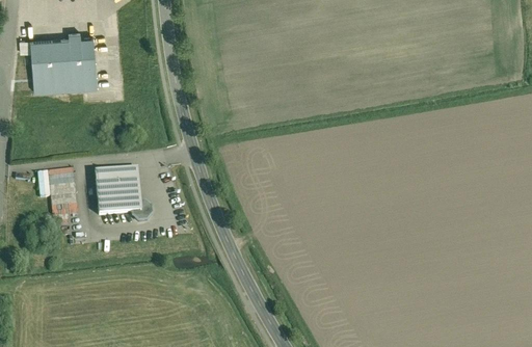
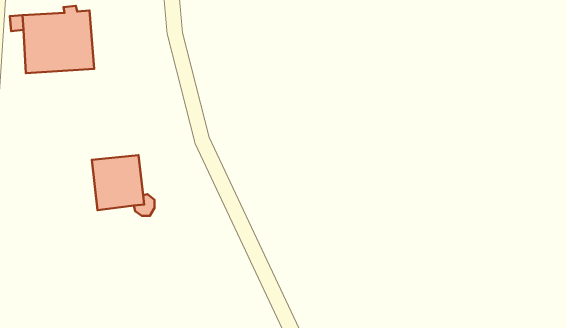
building: [39,167,78,215] -> none

